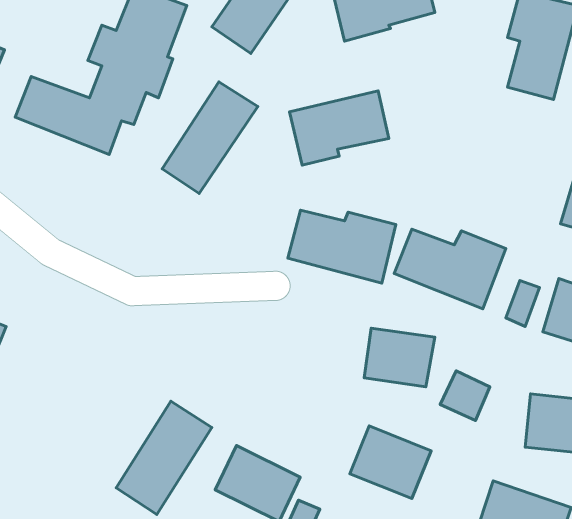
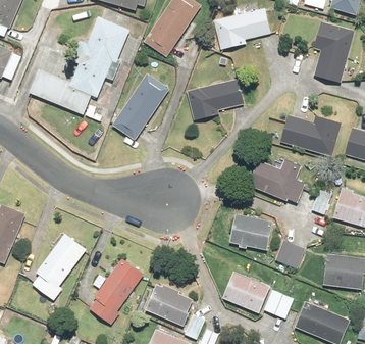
building: [288,210,396,283] -> [279,114,342,156]
building: none -> [33,234,87,300]
building: none -> [264,290,293,317]

